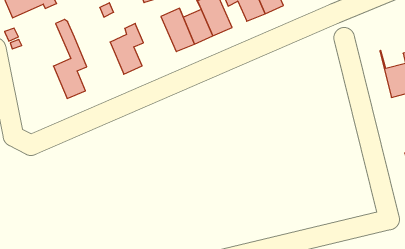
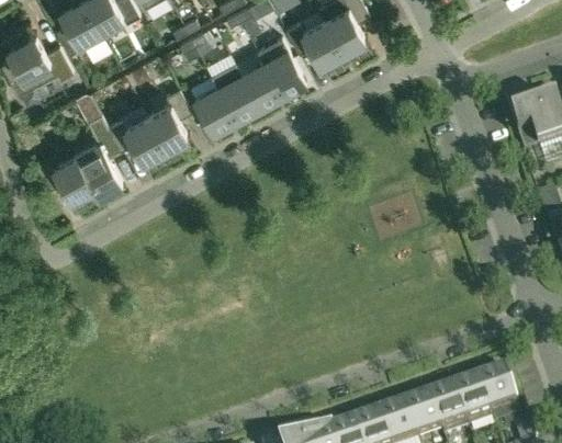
building: none -> [194,75,237,132]
building: none -> [102,112,171,167]
building: none -> [37,152,100,206]

